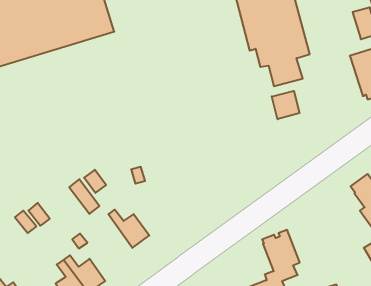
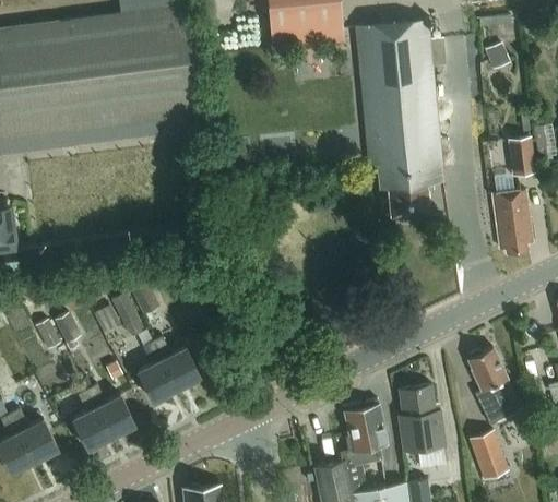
building: [272,91,300,119] -> none
building: none -> [399,385,446,454]
building: none -> [139,343,178,403]

